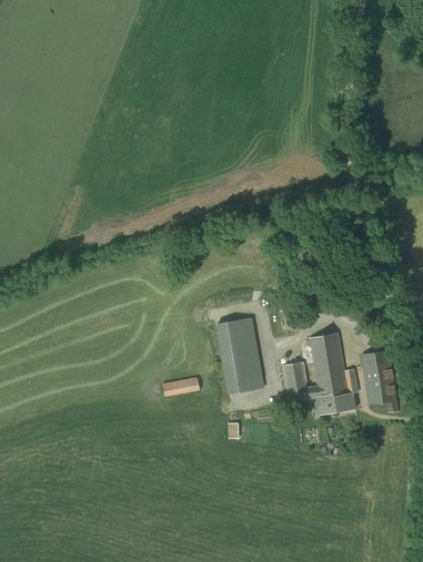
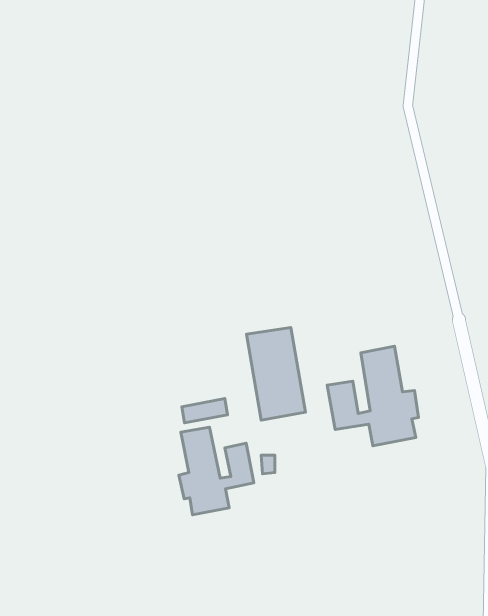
building: [360,350,397,412] -> none
building: none -> [179,427,254,515]

